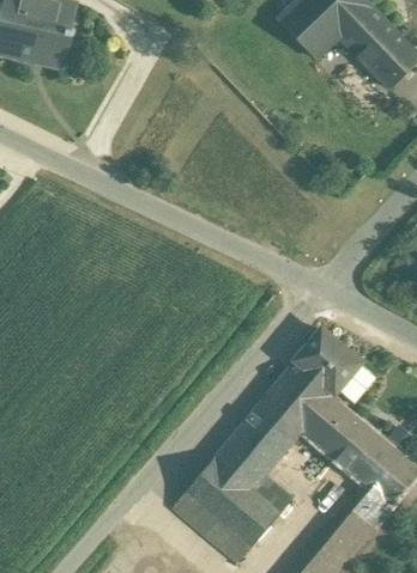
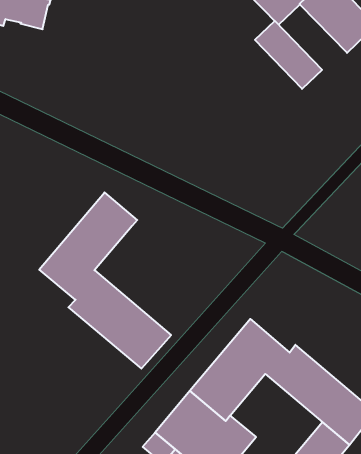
building: none -> [255,21,322,89]
building: none -> [39,192,171,369]
building: [286,330,361,408] -> none

